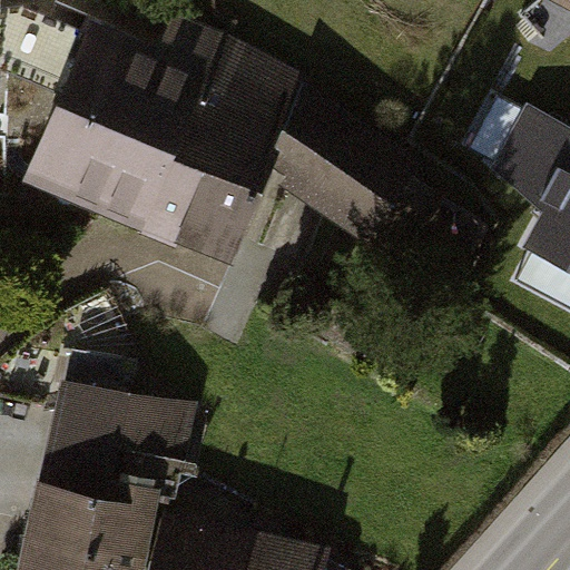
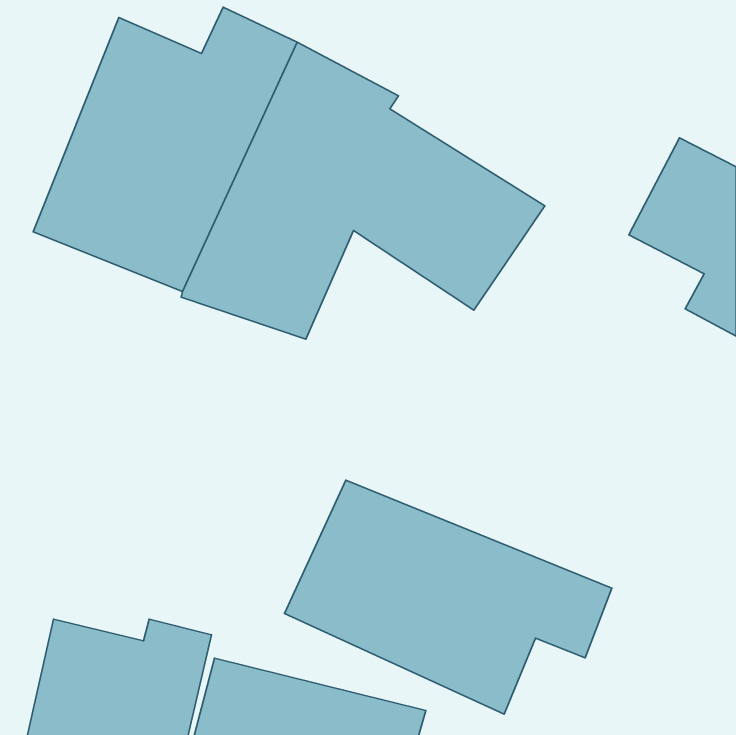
building: [41,353,207,497] -> none
building: none -> [285,480,612,714]

